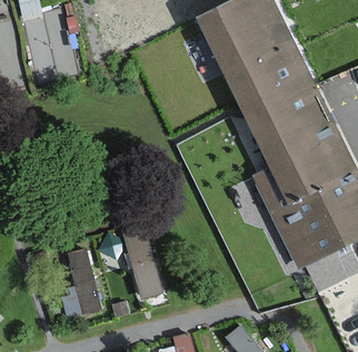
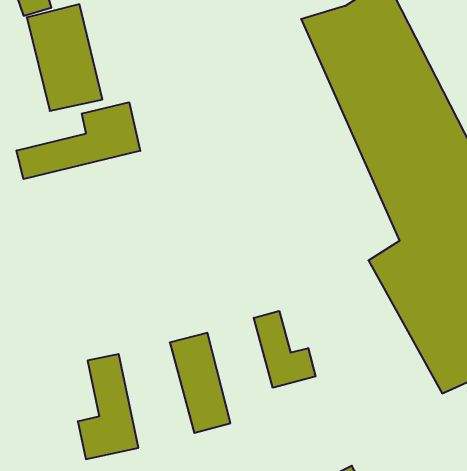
building: none -> [17,102,140,179]
building: none -> [254,311,316,388]

